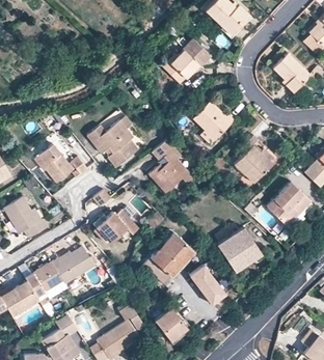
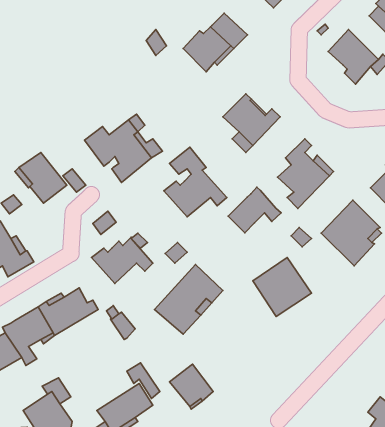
building: none -> [228,187,281,233]
building: [187,264,223,303] -> none

